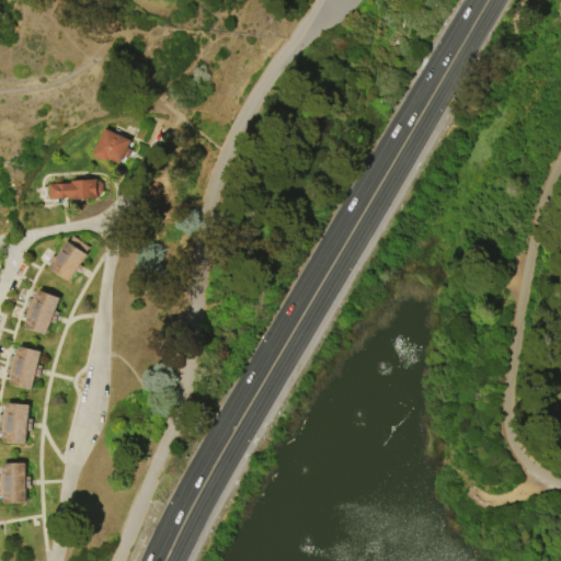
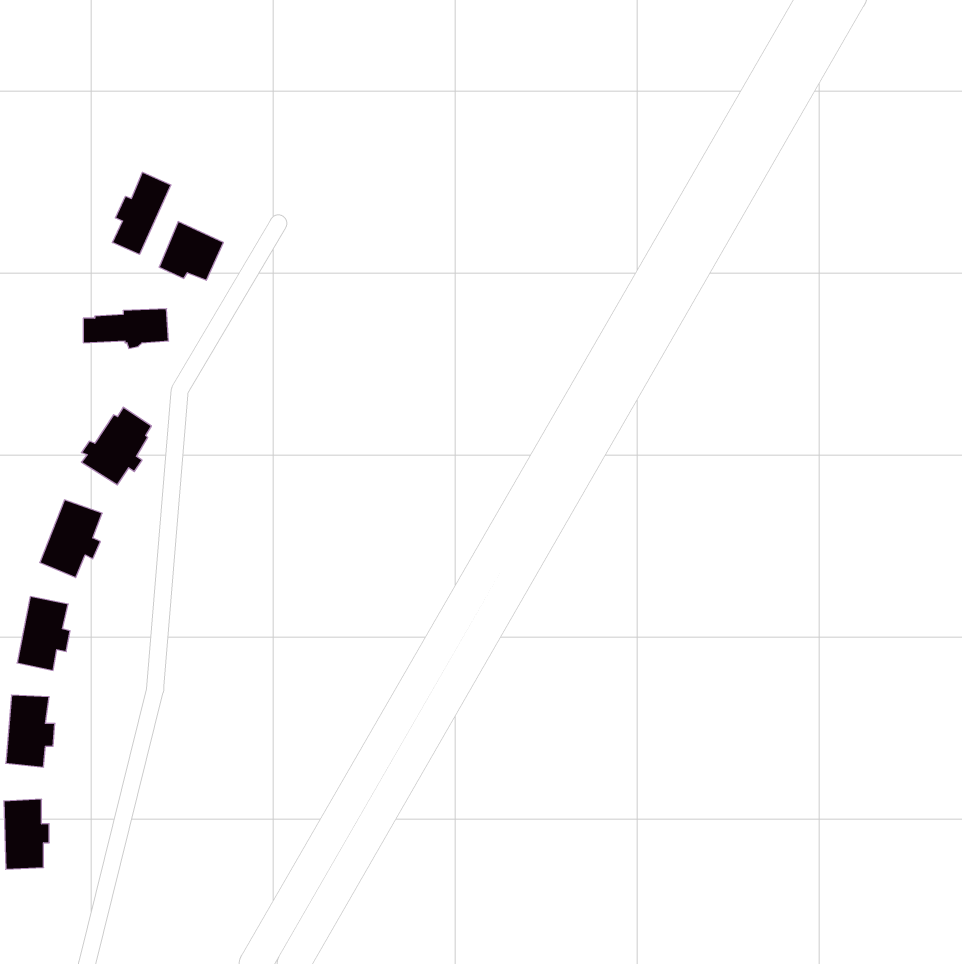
building: none -> [112,172,171,254]

